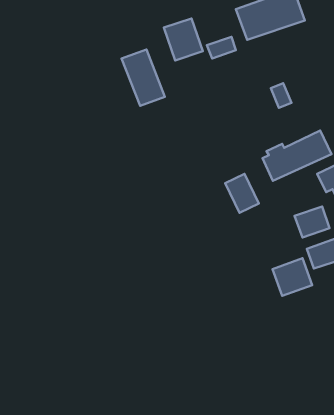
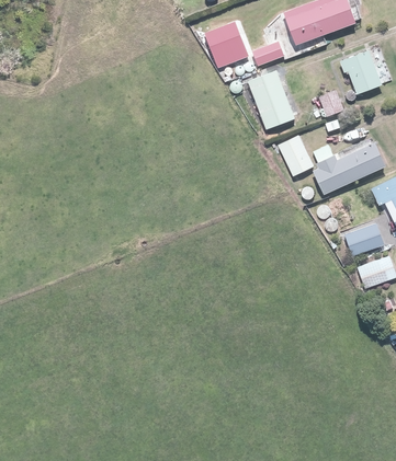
building: none -> [340,49,383,93]
building: [122,49,165,106] -> [248,69,294,129]
building: [225,174,259,213] -> [278,135,314,176]
building: [272,258,312,296] -> none

